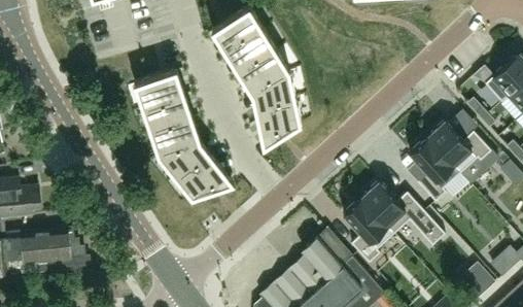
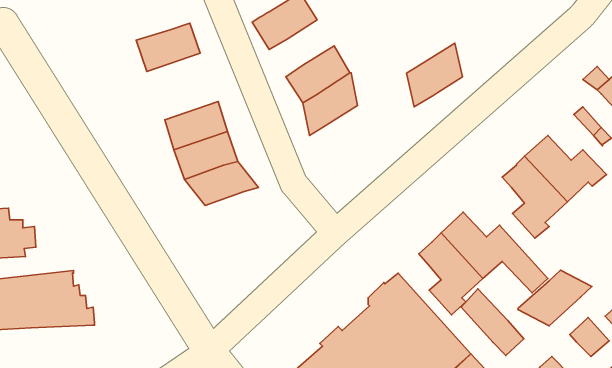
building: [225,29,277,74] -> none
building: [135,70,185,108] -> [136,23,200,71]
building: [257,97,302,147] -> [407,43,463,107]
building: [175,162,235,198] -> none
building: none -> [518,270,592,326]
building: none -> [461,289,524,355]

